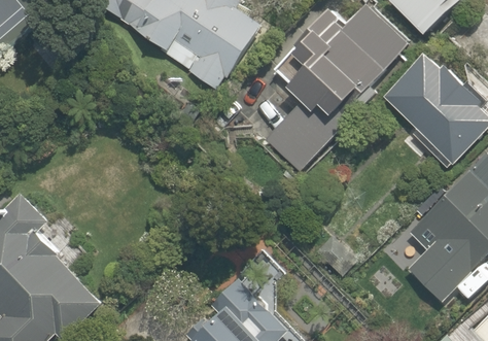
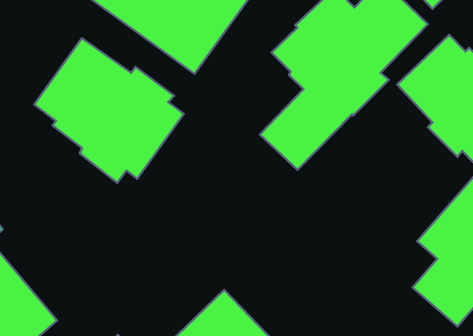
building: none -> [34,38,184,183]

